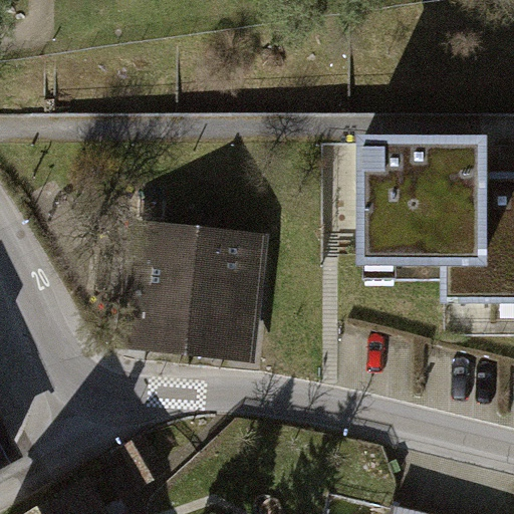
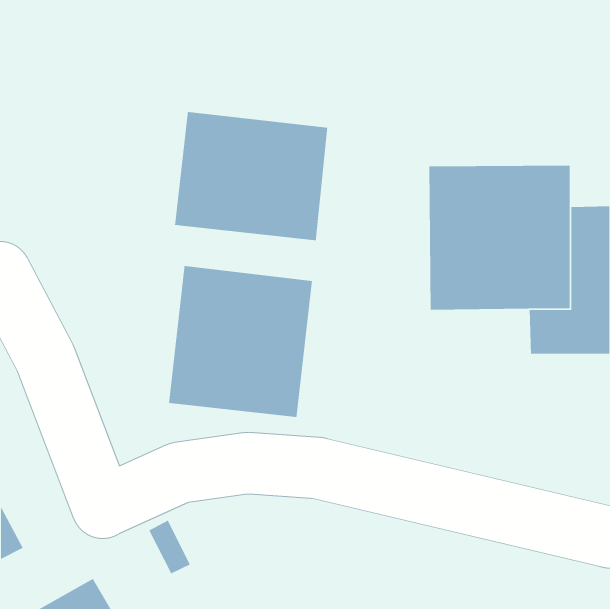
building: none -> [174,111,328,241]

